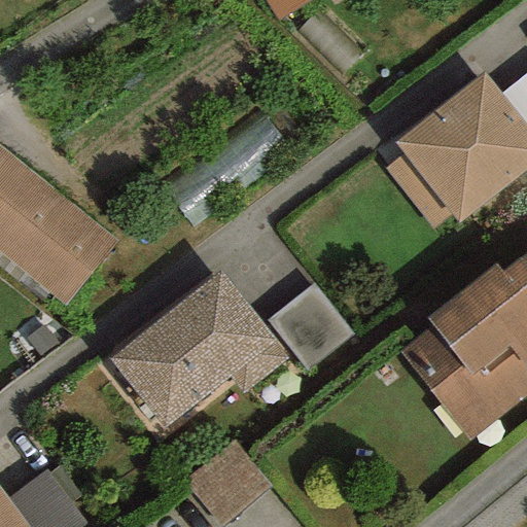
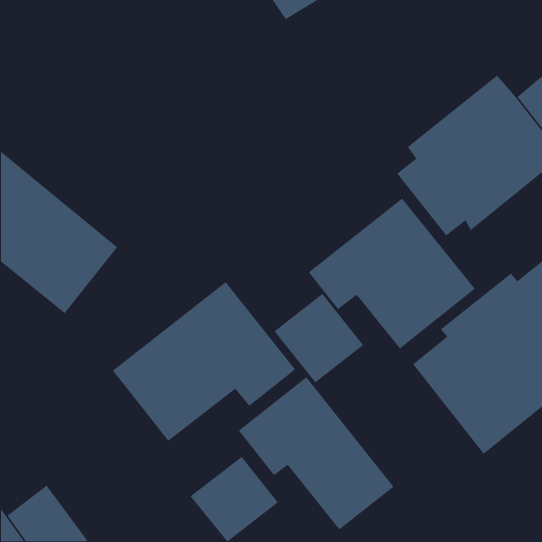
building: none -> [308,197,476,349]
building: none -> [238,376,395,530]

